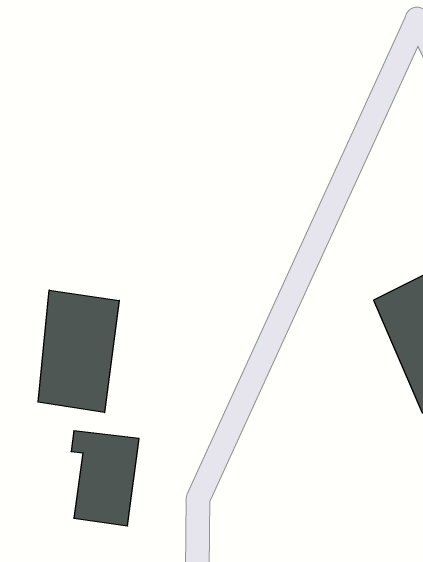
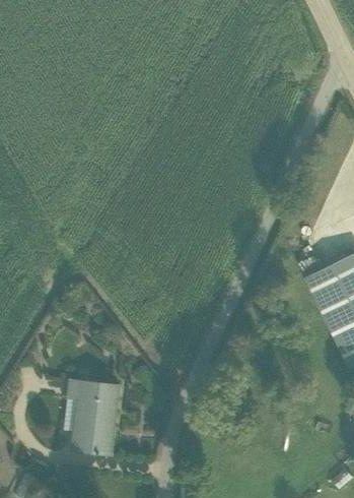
building: [38,290,119,413] -> none

